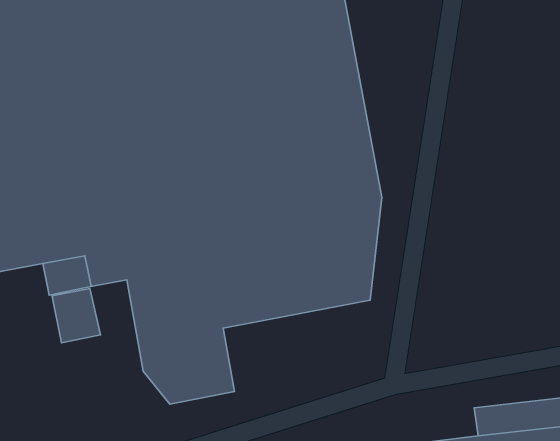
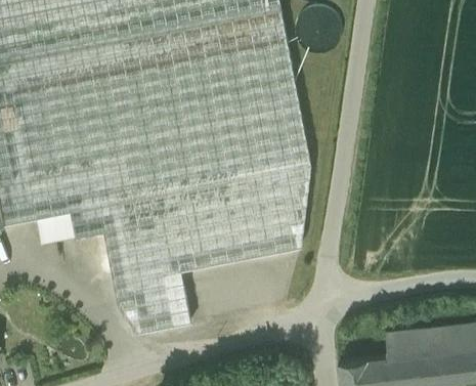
building: [52,288,101,343] -> none

